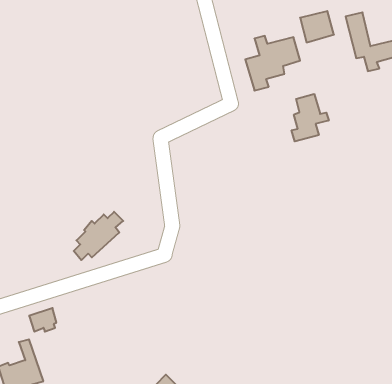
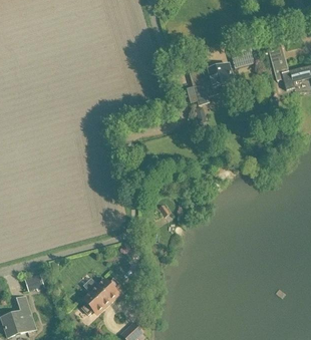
building: [292,94,329,141] -> none
building: [74,212,123,260] -> [81,277,119,314]

